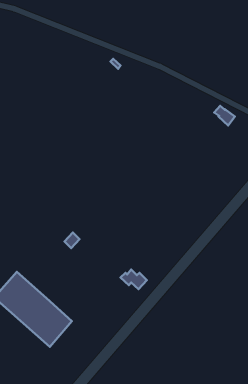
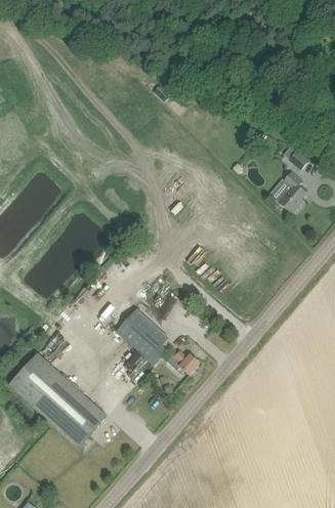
building: none -> [277,170,305,212]
building: none -> [117,308,168,364]

